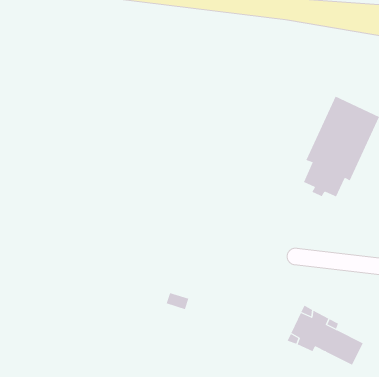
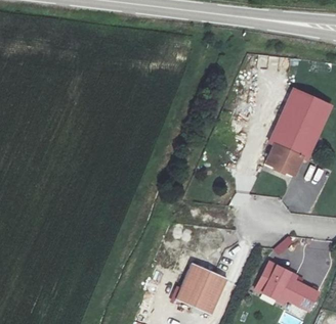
building: none -> [175,262,226,314]

